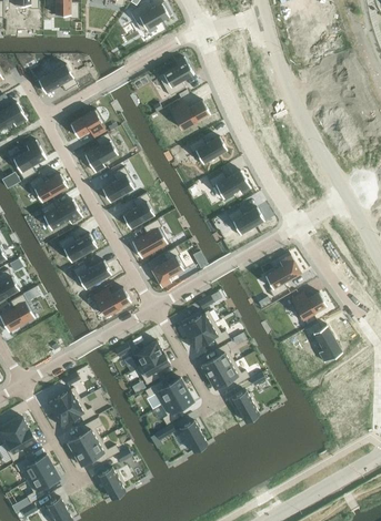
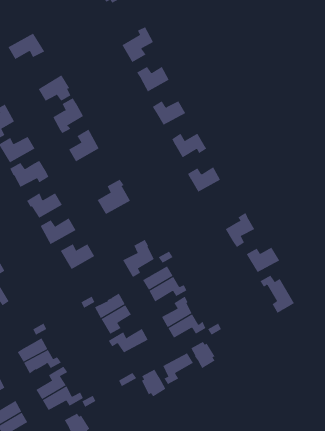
building: [122,193,157,228] -> none
building: [151,247,186,288] -> [122,239,154,278]
building: [161,390,194,425] -> [162,352,194,385]

